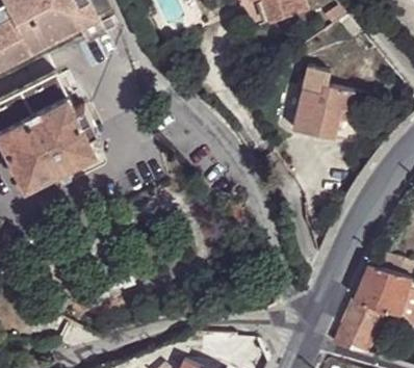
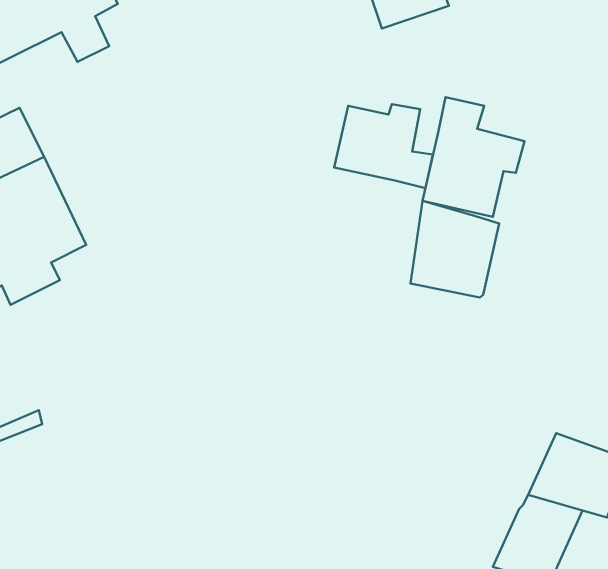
building: none -> [334,104,433,188]
building: none -> [410,201,499,298]

